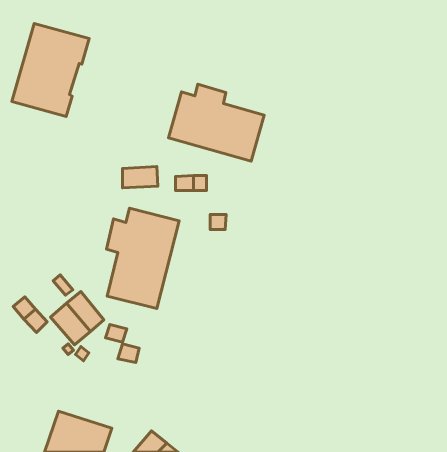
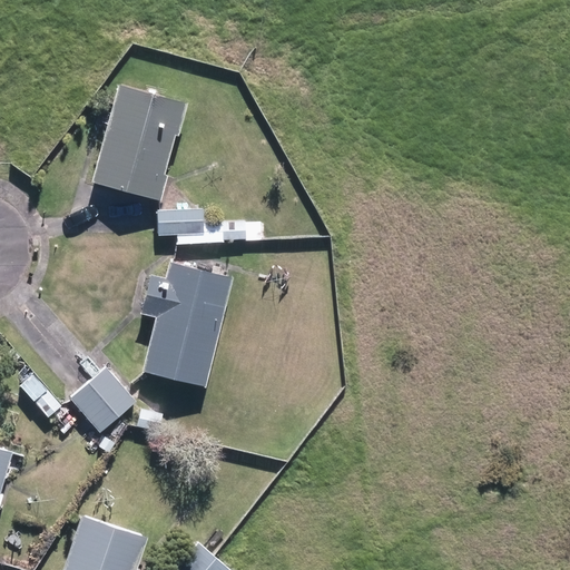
building: [12,24,89,117] -> [90,87,187,204]
building: [169,84,264,161] -> none

